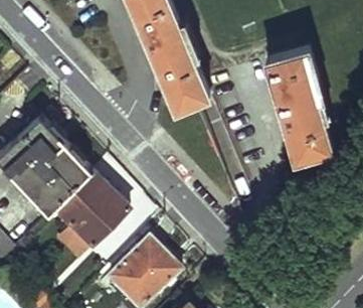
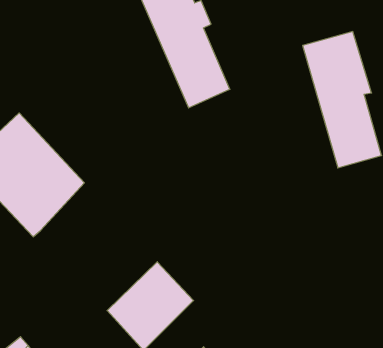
building: [56,172,127,245] -> none

